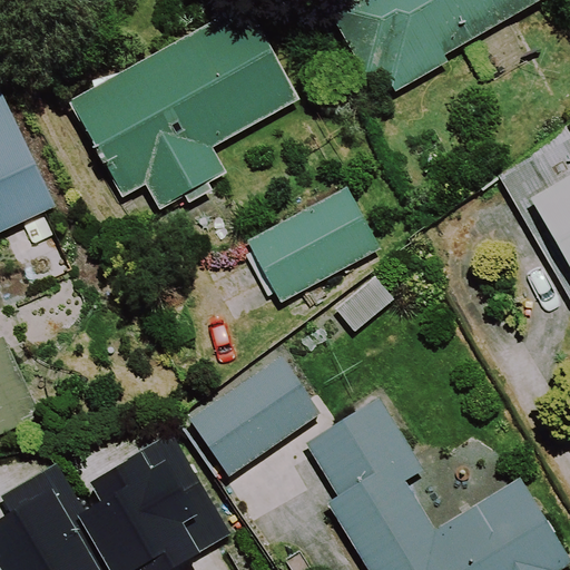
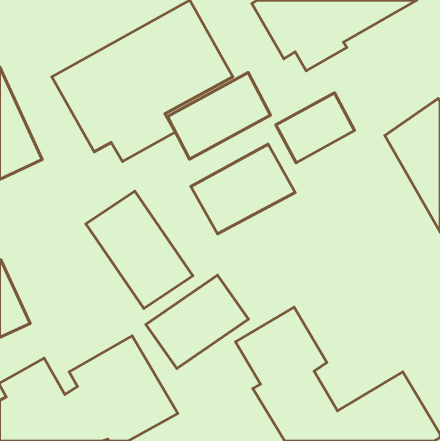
building: none -> [167,73,270,159]
building: none -> [276,93,354,163]
building: none -> [86,191,193,308]

